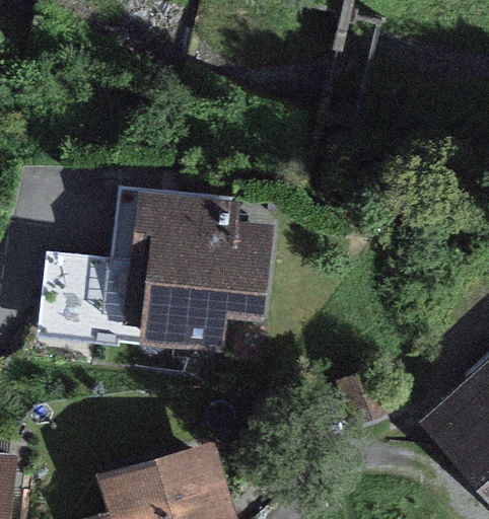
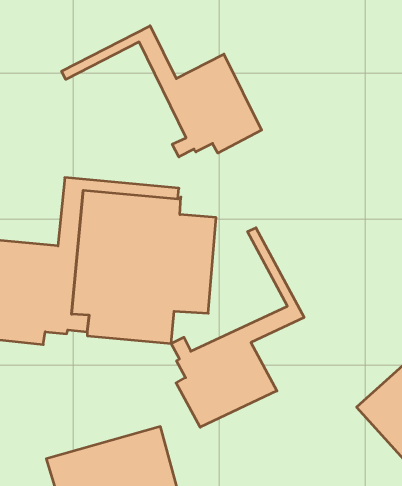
building: none -> [62,26,262,157]
building: none -> [171,228,304,427]

